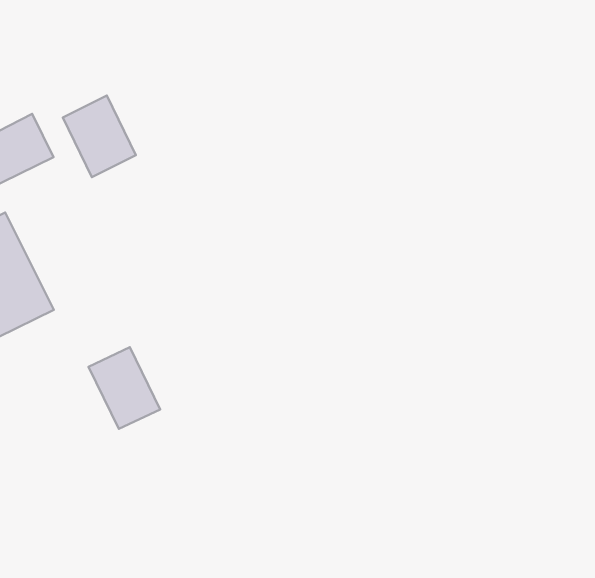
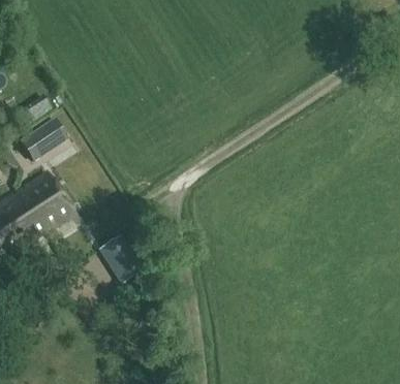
building: [63,96,136,177] -> none

